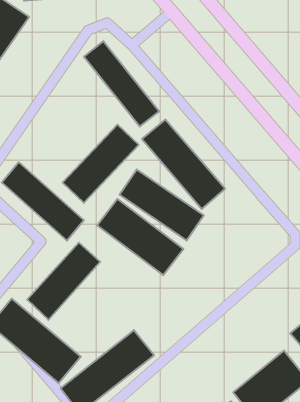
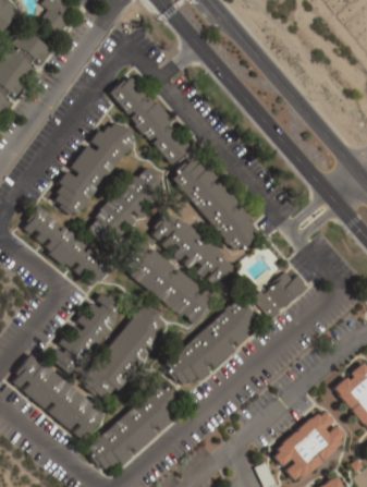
building: none -> [50,117,138,219]
building: none -> [254,272,310,320]
building: none -> [164,299,261,390]
building: none -> [83,306,169,405]

